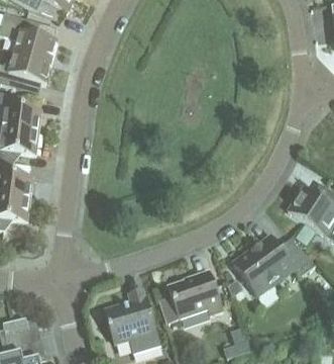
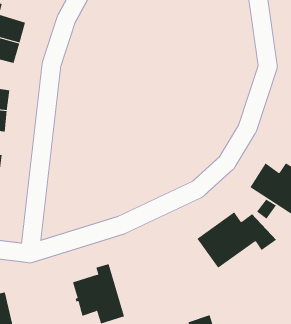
building: [157,270,222,323] -> none

